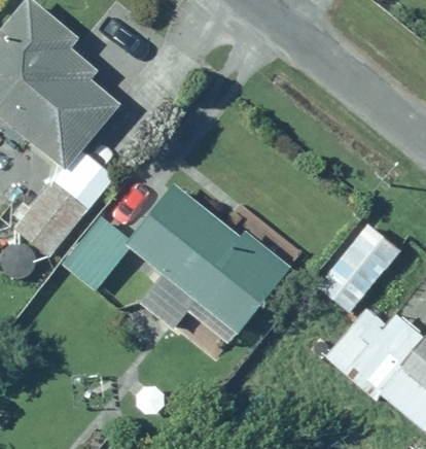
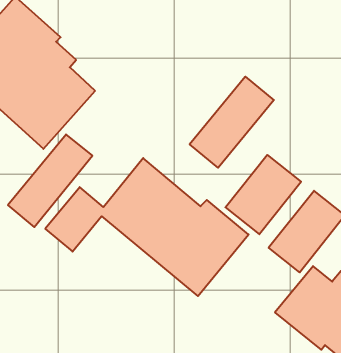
building: none -> [190,77,274,168]
building: none -> [225,155,301,234]

